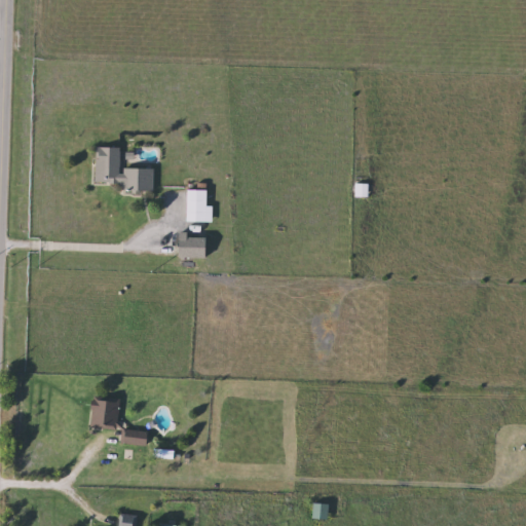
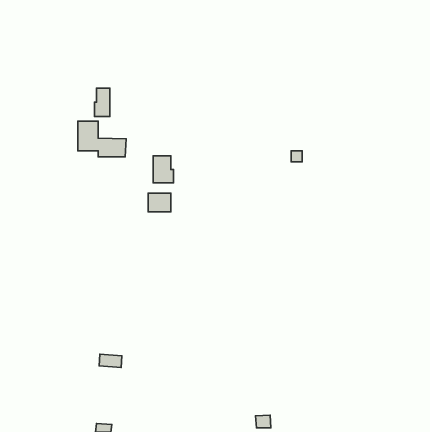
building: none -> [94,88,110,116]
building: [90,397,118,429] -> none

